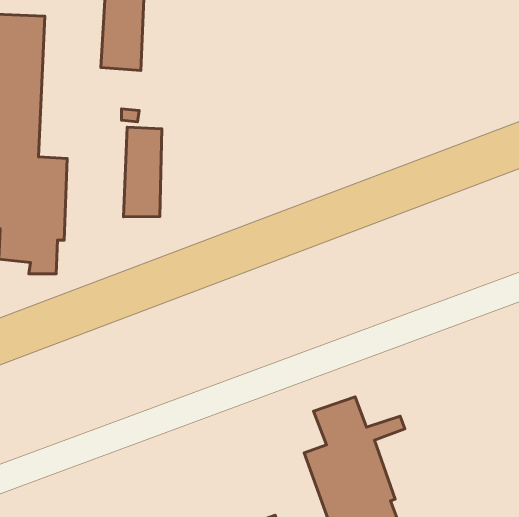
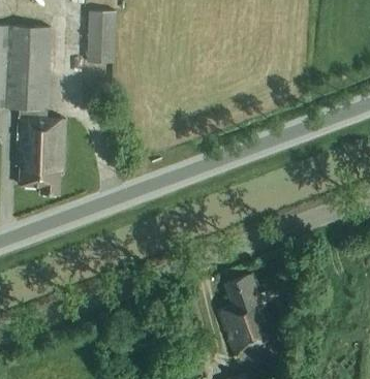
building: [123,127,162,217] -> none

